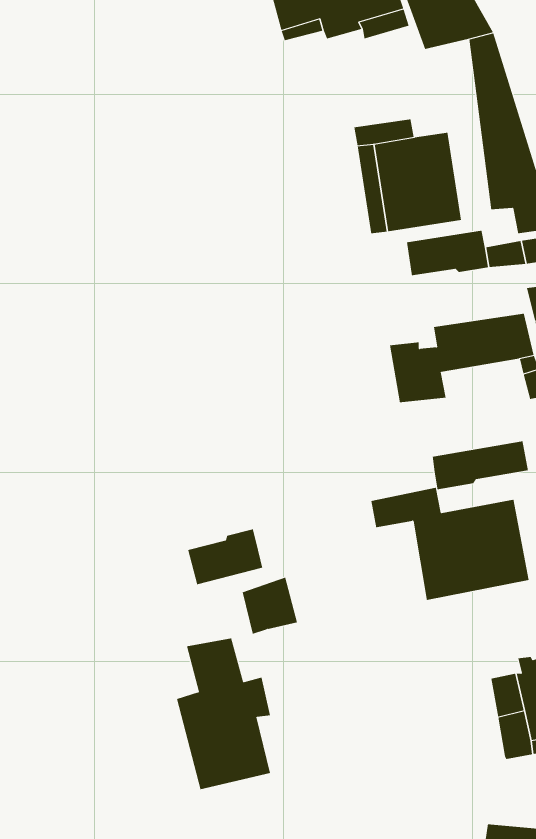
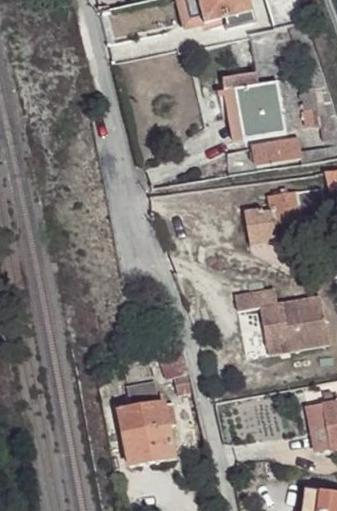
building: [432,440,528,490] -> none
building: [187,529,263,585] -> none

